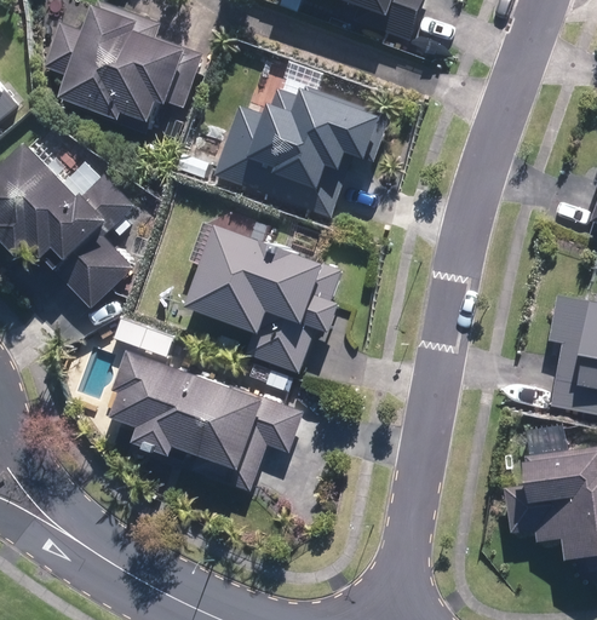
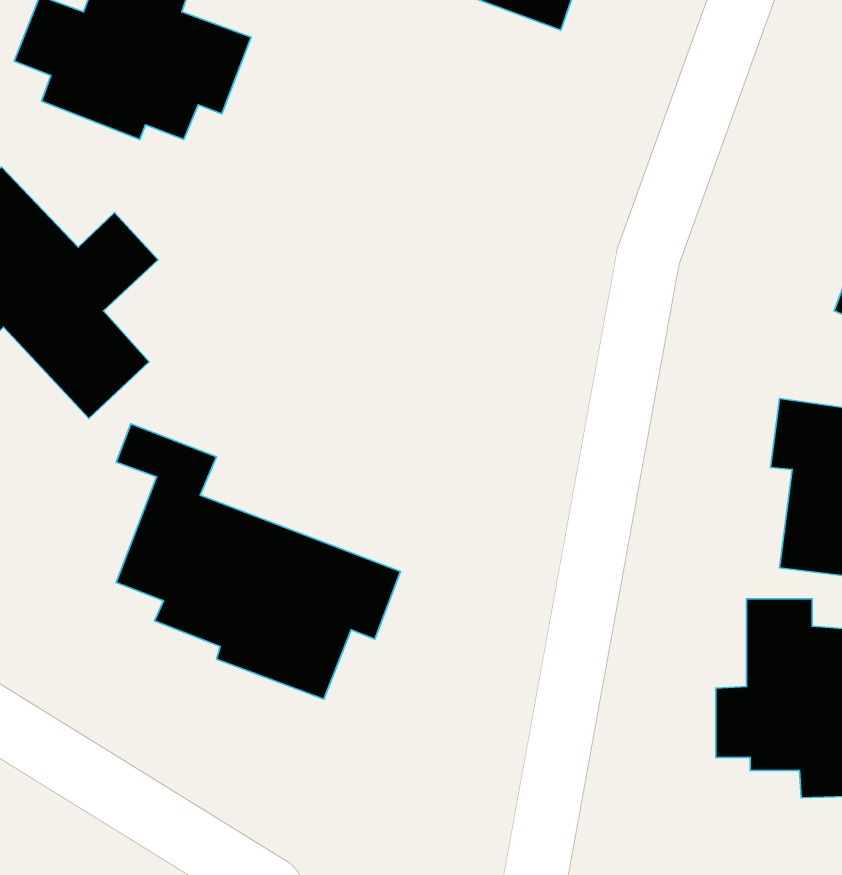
building: [212,69,395,220] -> none
building: [184,208,343,375] -> none

